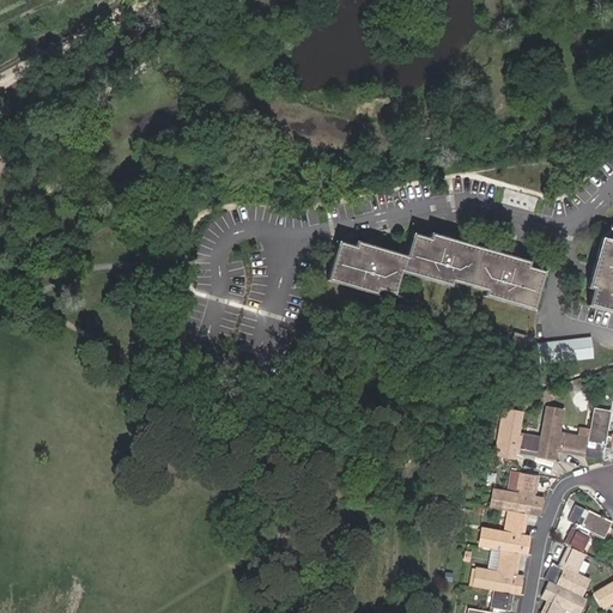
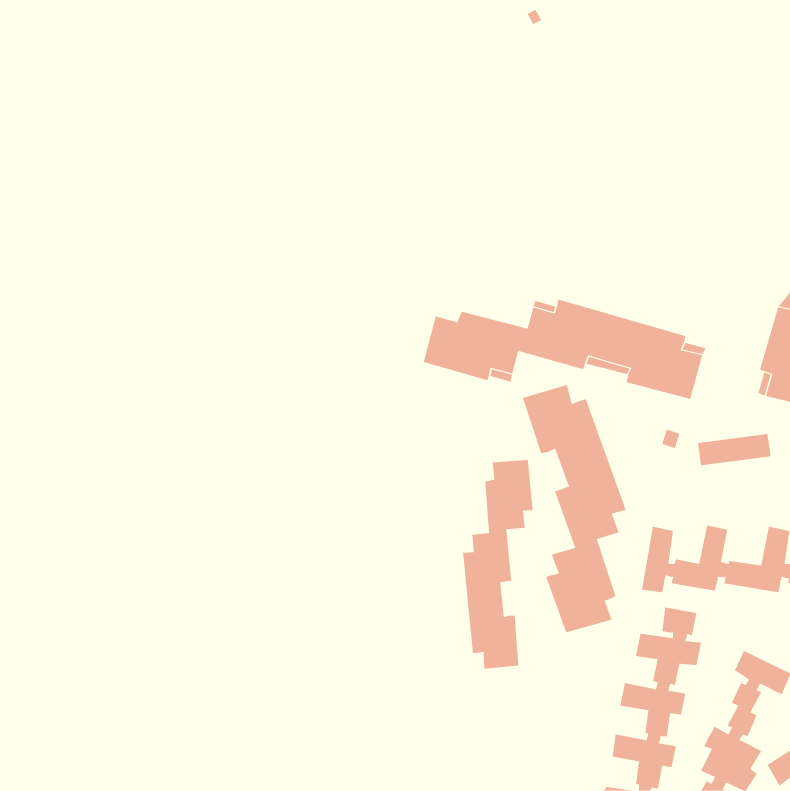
building: none -> [522,384,626,633]
building: none -> [463,459,533,669]

